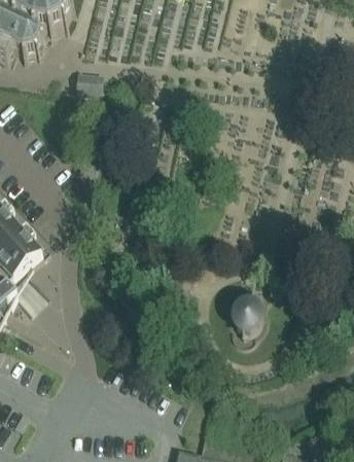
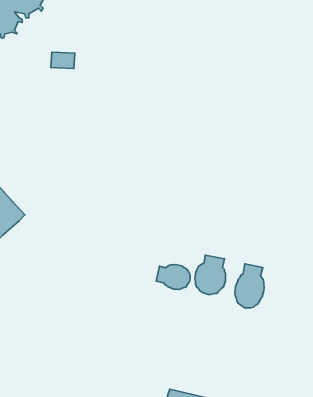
building: none -> [235,264,264,308]
building: none -> [156,265,190,290]

